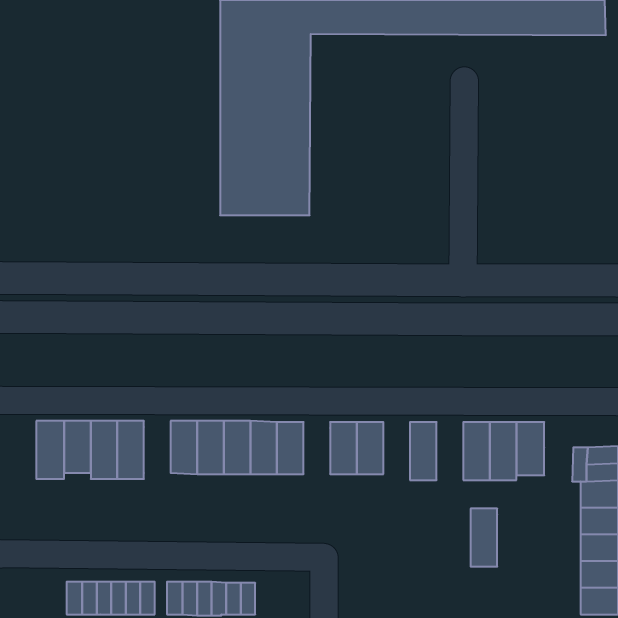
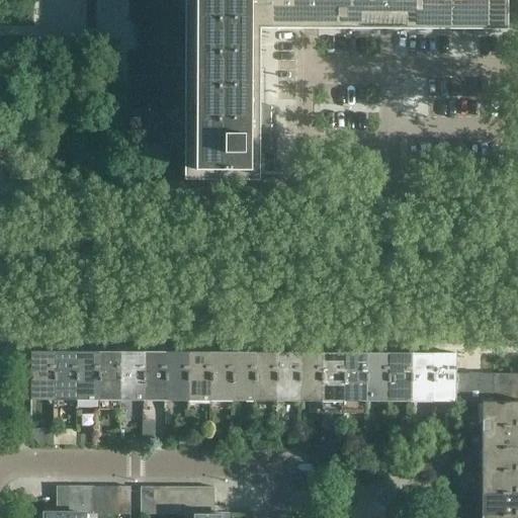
building: none -> [120,352,143,396]
building: none -> [254,353,276,397]
building: none -> [321,353,343,397]
building: none -> [454,374,480,403]
building: [471,509,497,567] -> [365,353,387,402]

